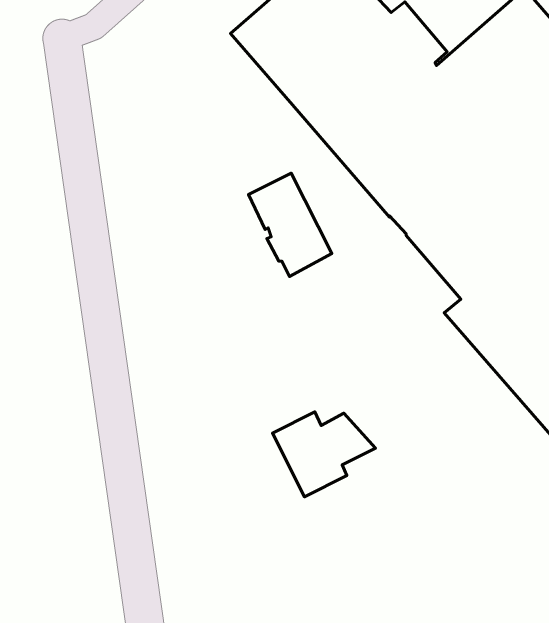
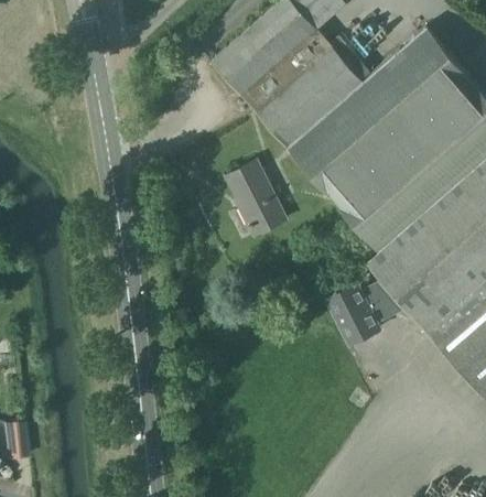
building: [273,412,376,497] -> [326,285,401,347]

